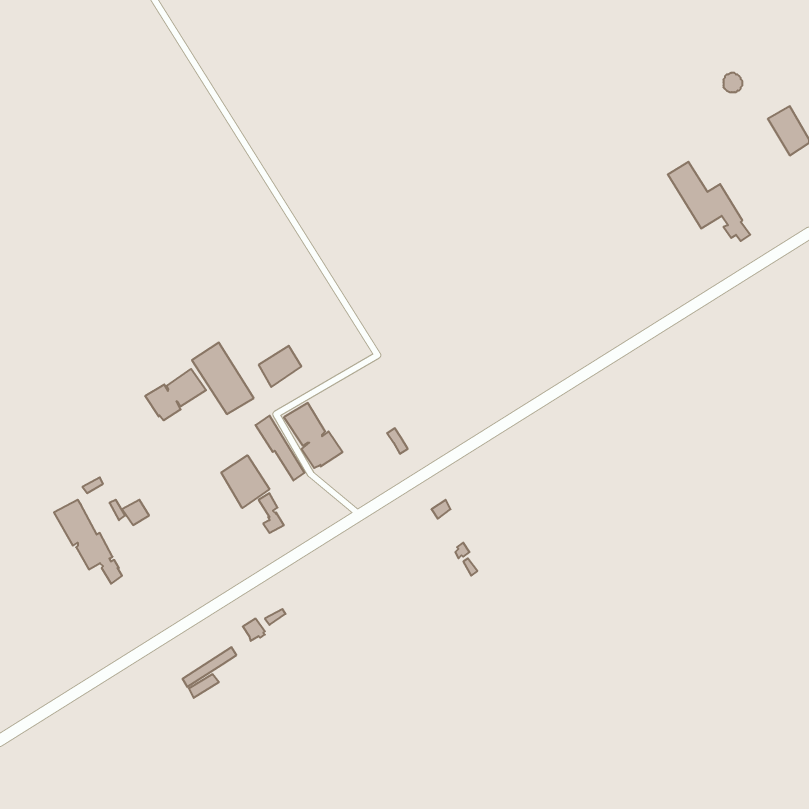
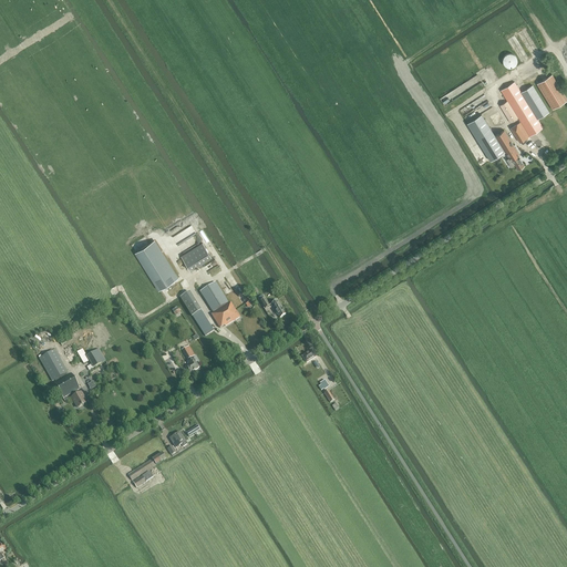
building: none -> [498,81,548,142]
building: [145,369,206,420] -> none
building: [221,455,269,508] -> none

